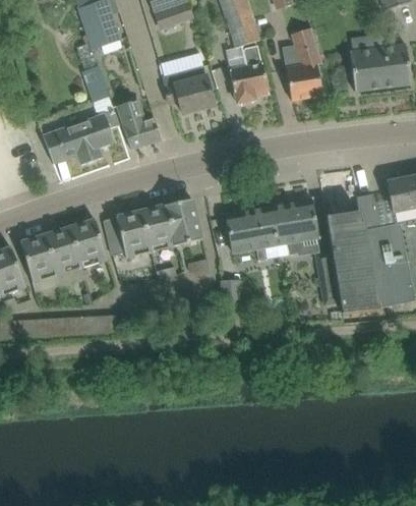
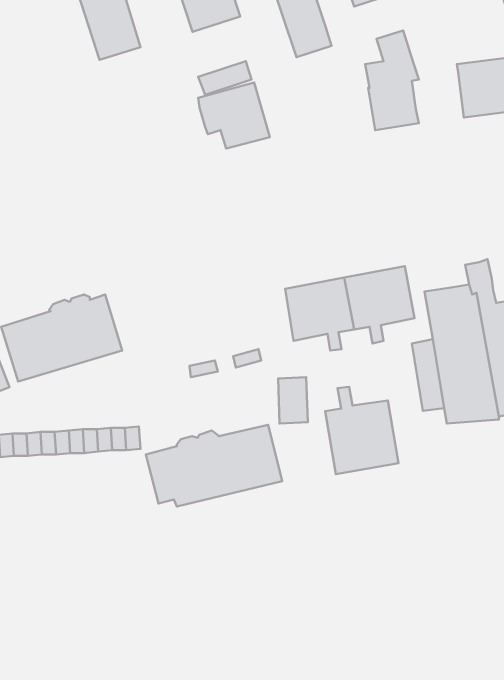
building: [232,45,269,104] -> none
building: [44,64,119,164] -> none
building: [118,98,162,149] -> none
building: [104,198,202,257] -> [146,425,282,506]
building: none -> [325,387,399,474]

